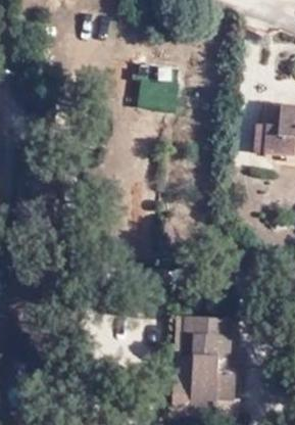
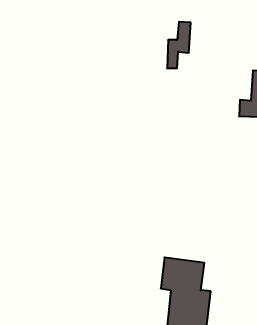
building: [257,106,284,158] -> [167,22,191,68]

